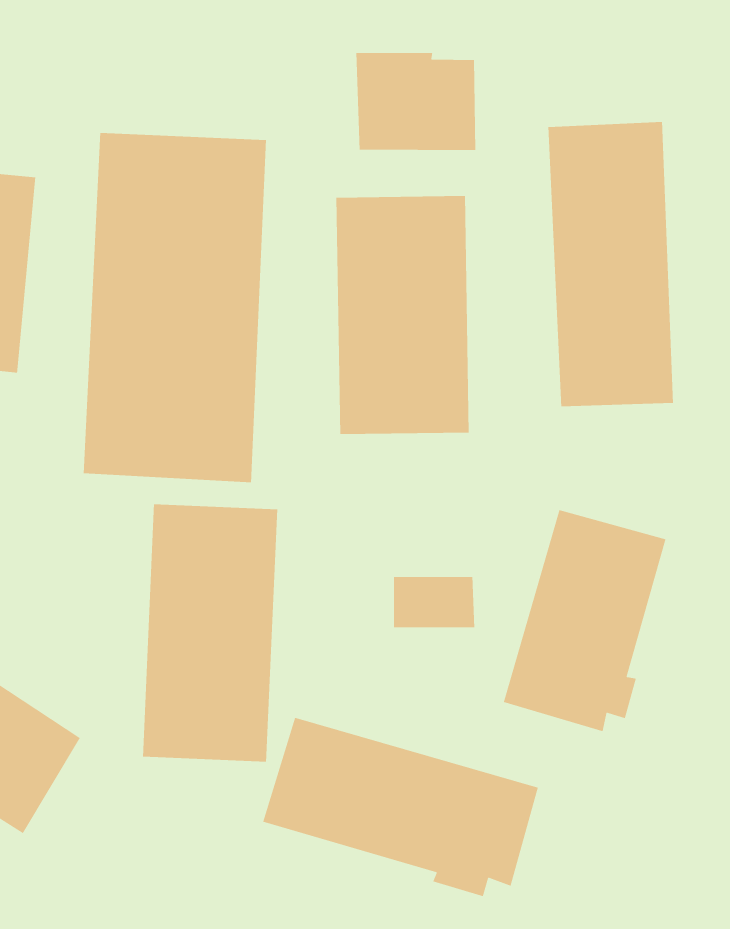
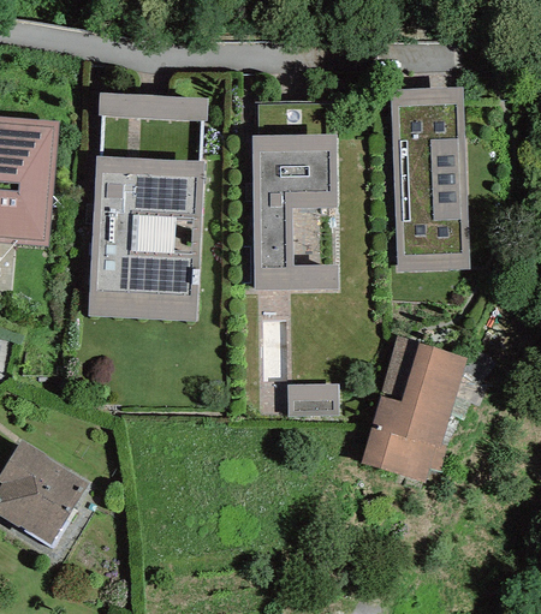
building: [356,52,476,151] -> none
building: [142,503,278,763] -> none
building: [262,717,539,897] -> none

